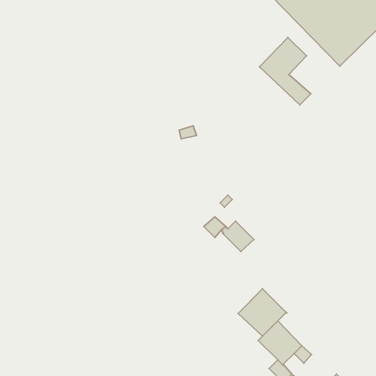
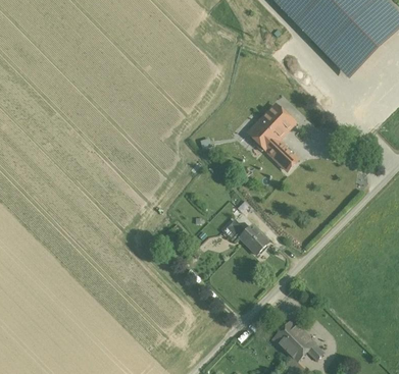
building: [260,38,311,105] -> [250,105,298,168]
building: [238,289,287,336] -> none

